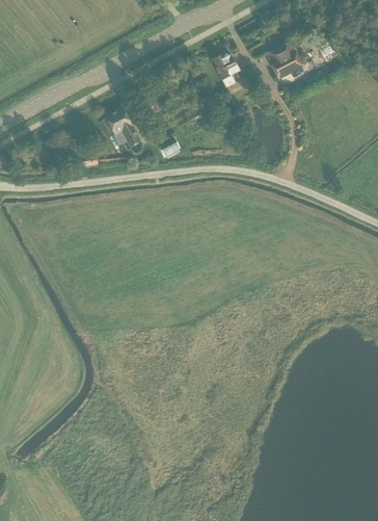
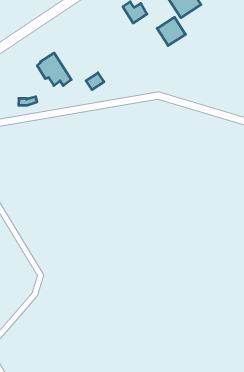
building: none -> [157,17,186,46]

